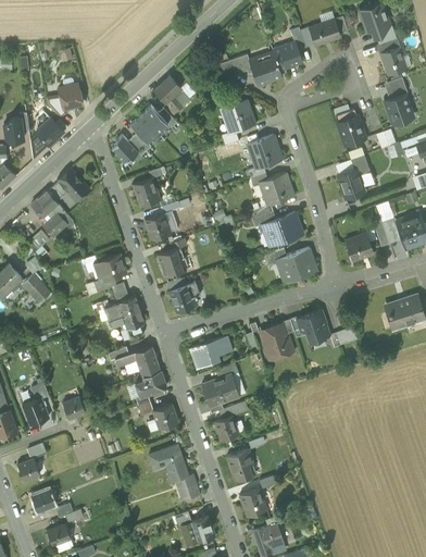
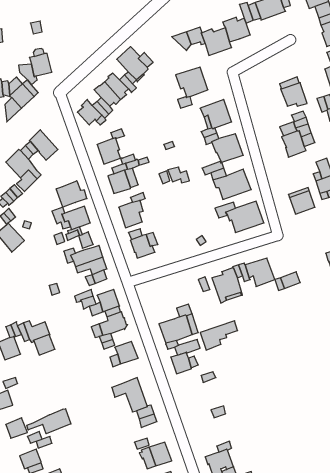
building: none -> [56,181,87,207]
building: [189,336,230,369] -> [200,321,238,350]
building: [226,448,255,481] -> none
building: none -> [27,409,71,434]
building: [240,488,265,516] -> none

